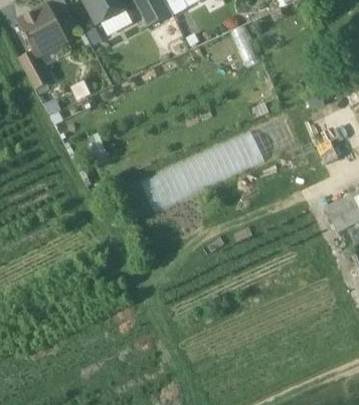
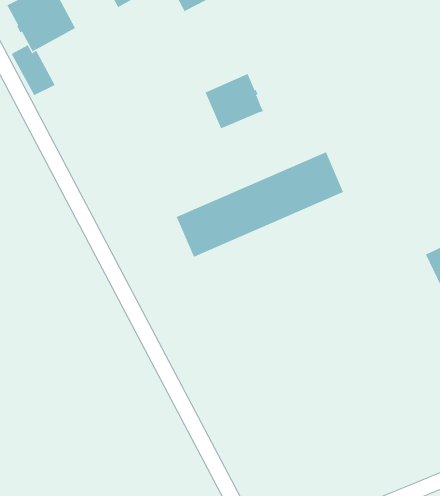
building: none -> [205,73,264,129]

